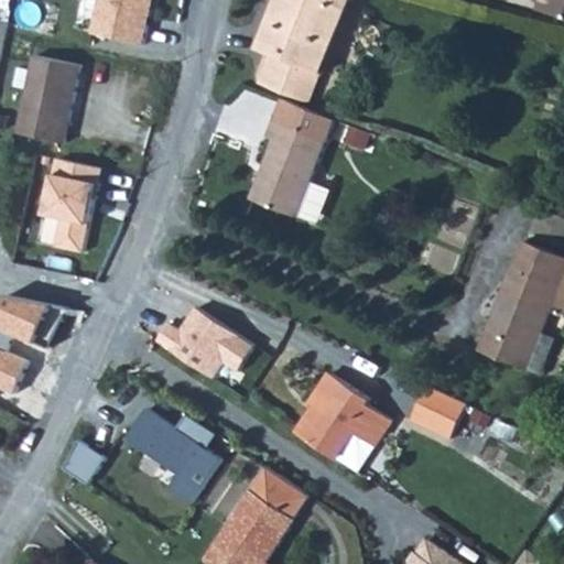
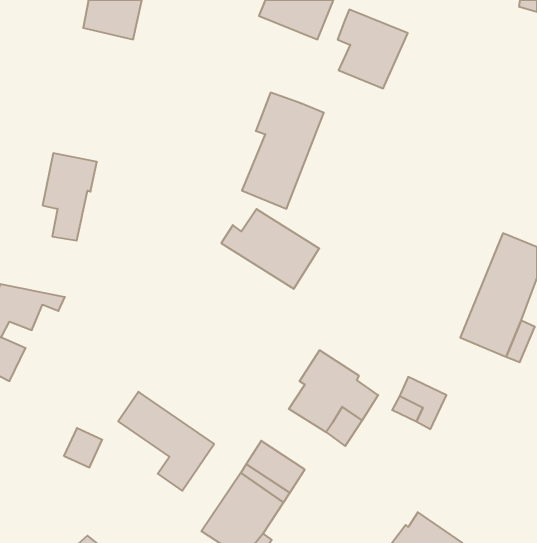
building: [256,18,328,99] -> [338,10,408,88]
building: [12,55,74,142] -> none
building: [153,306,254,389] -> [221,209,319,289]

